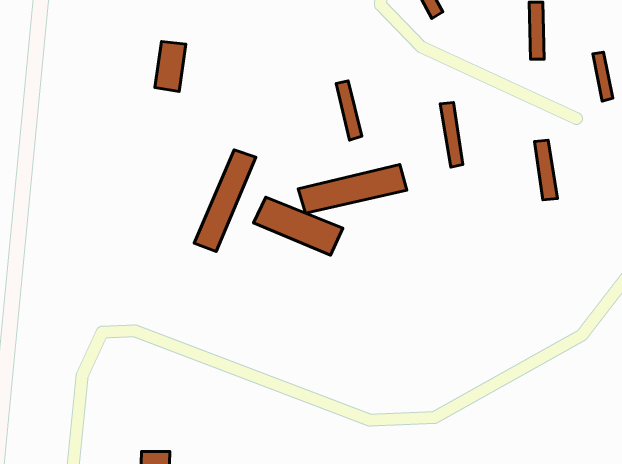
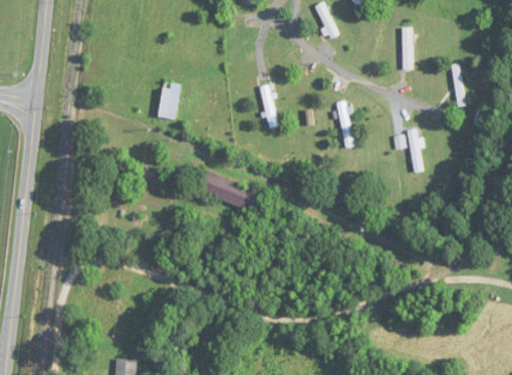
building: [155,42,186,92] -> [157,81,180,118]
building: [194,150,256,251] -> none
building: [298,165,407,213] -> none

